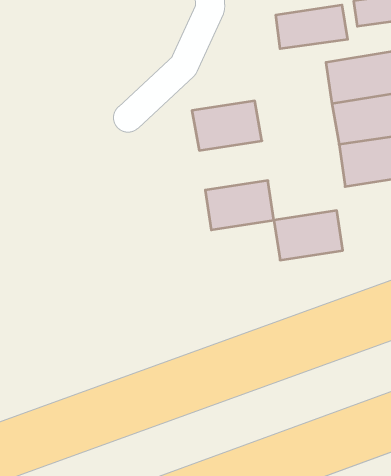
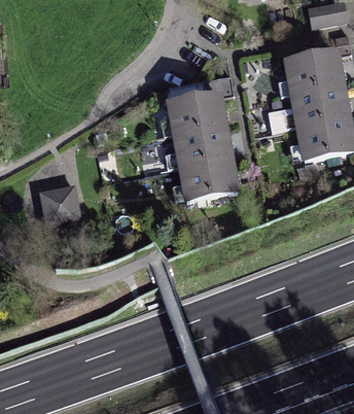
building: [276,5,348,49] -> none
building: none -> [37,180,80,223]
building: [274,211,343,260] -> [175,122,234,164]

